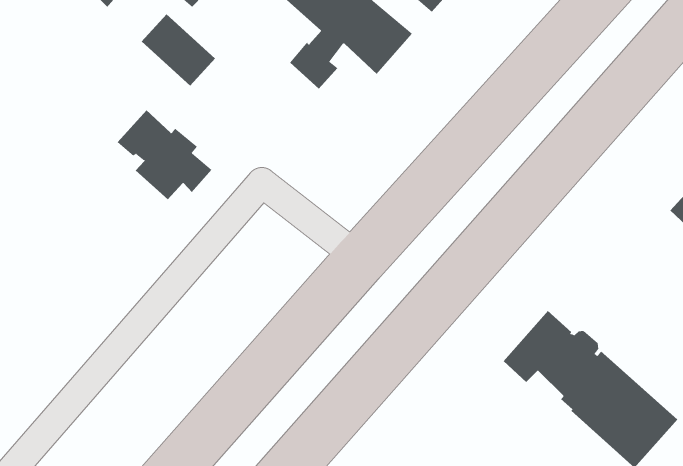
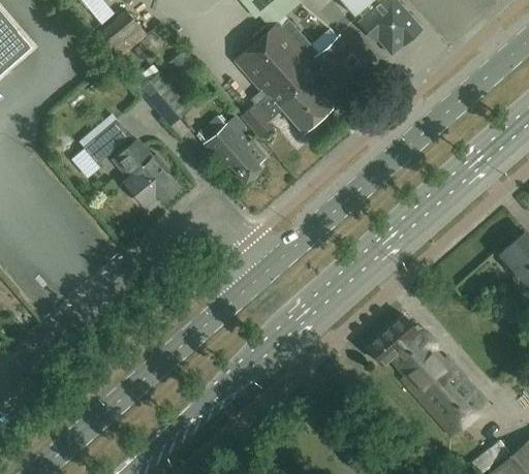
building: none -> [203,120,260,182]
building: none -> [82,119,128,163]

